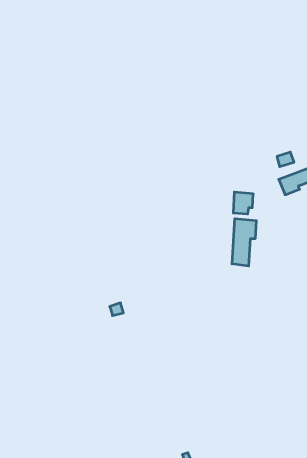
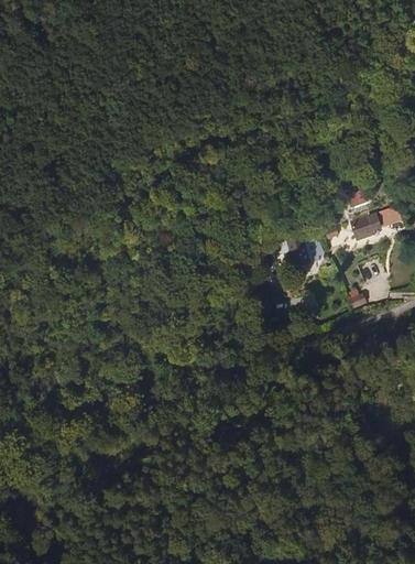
building: [232,219,256,266] -> none

